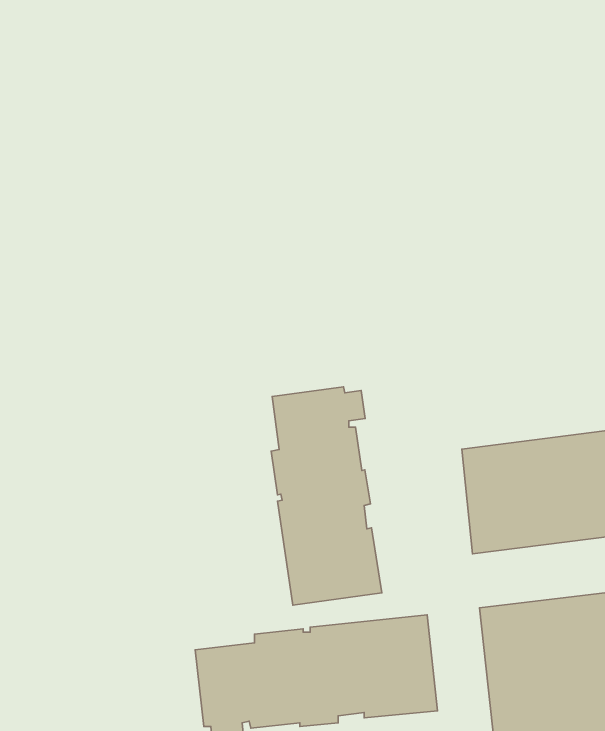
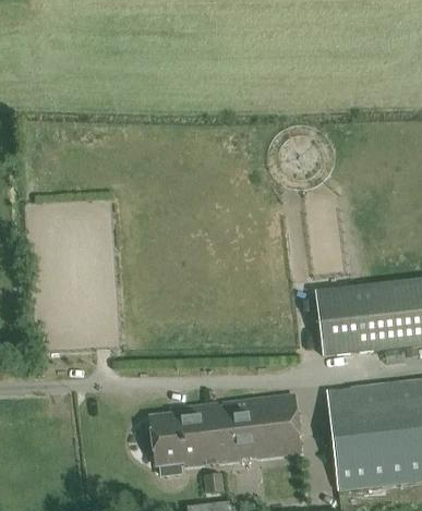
building: [271,387,382,605] -> none

